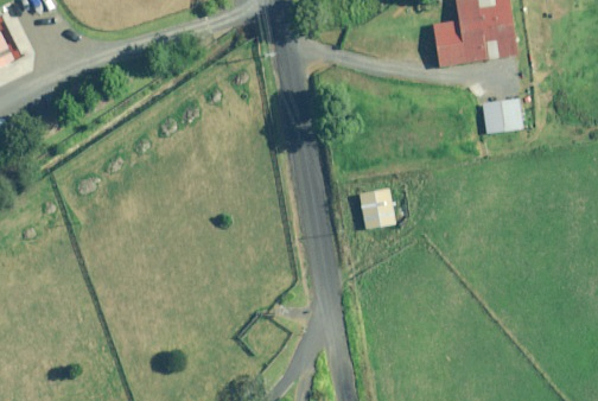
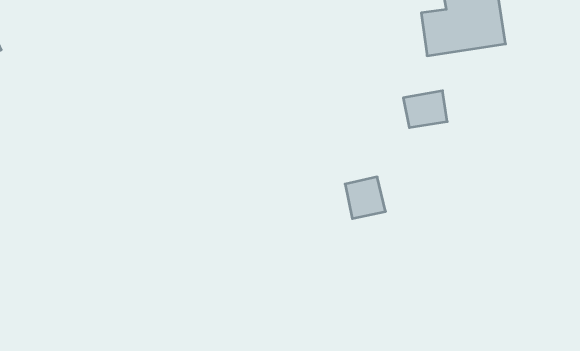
building: [479,97,523,134] -> [403,91,447,128]

